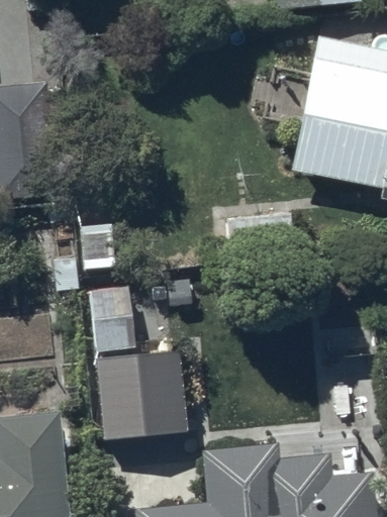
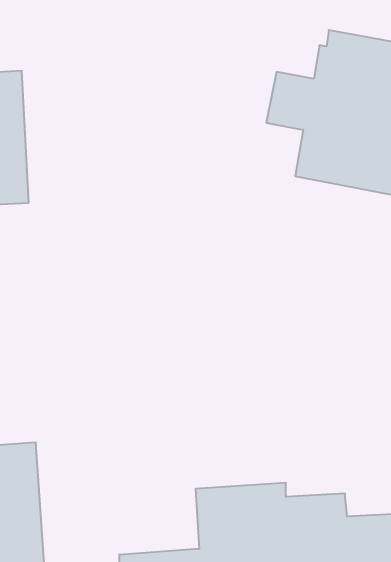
building: [89,287,187,438] -> none

